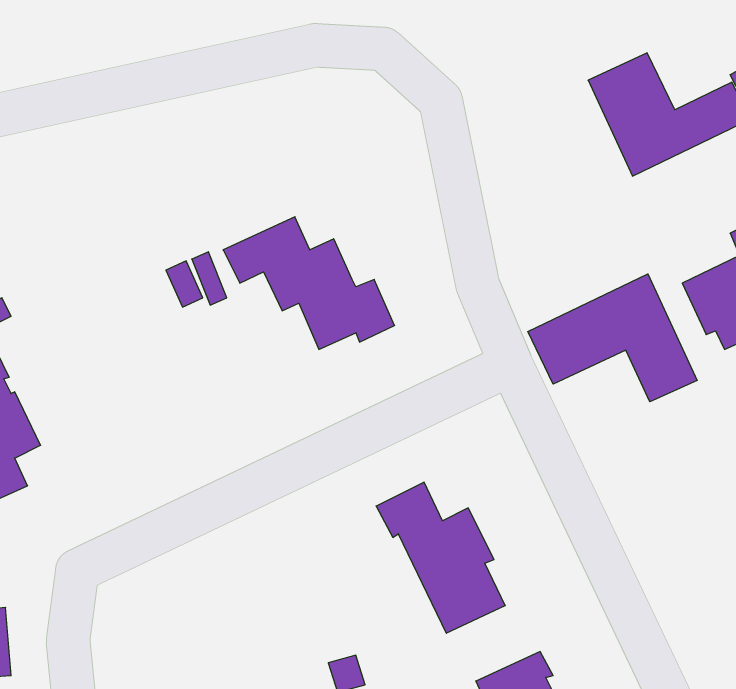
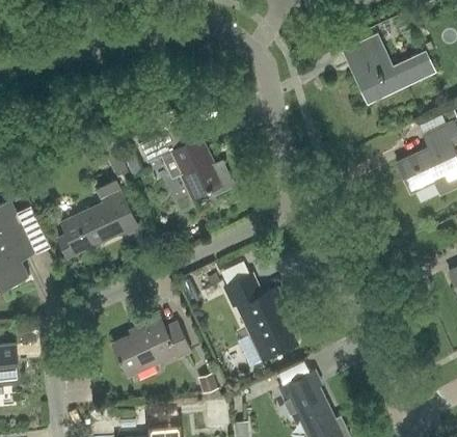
building: [528,274,697,402] -> none
building: none -> [56,181,138,258]
building: none -> [113,318,190,377]

